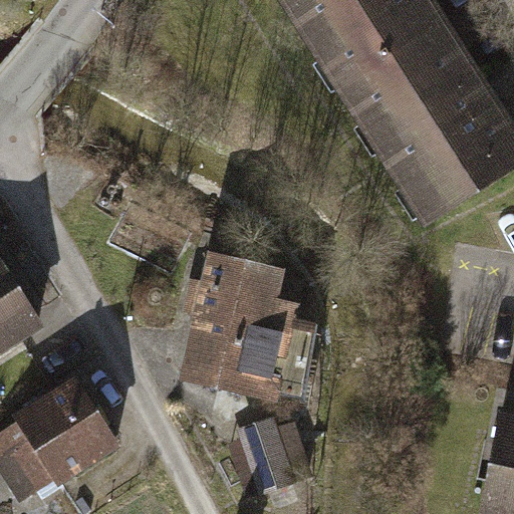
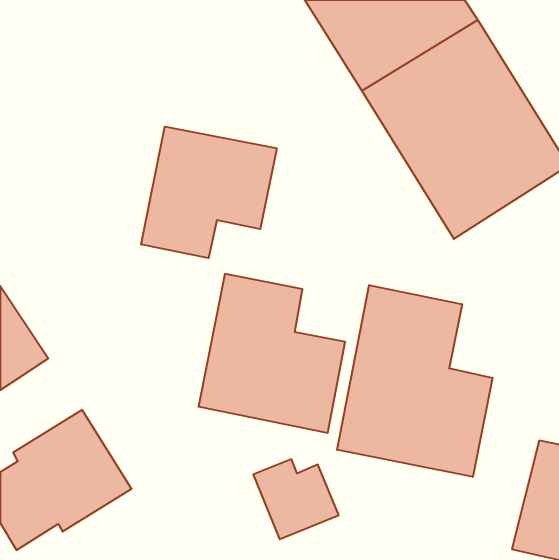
building: none -> [141,127,277,258]
building: none -> [337,285,493,477]

